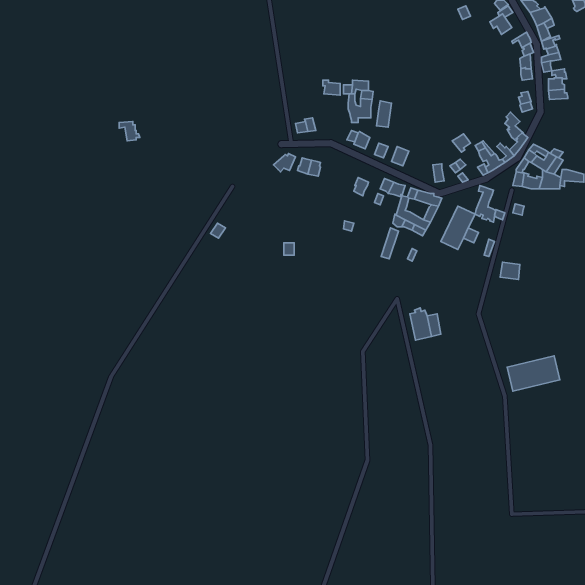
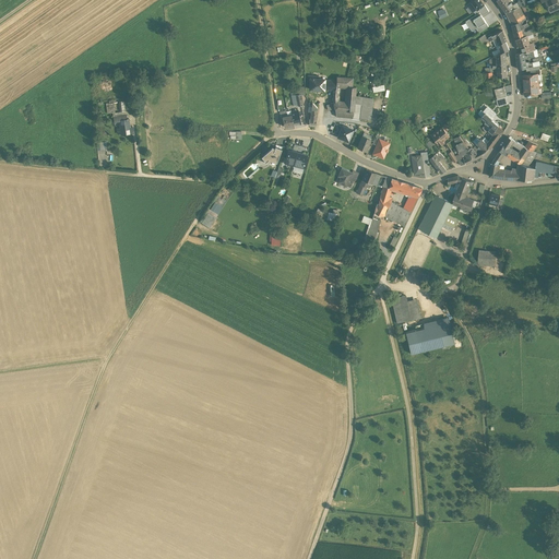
building: [507,356,560,391] -> [405,322,455,356]

